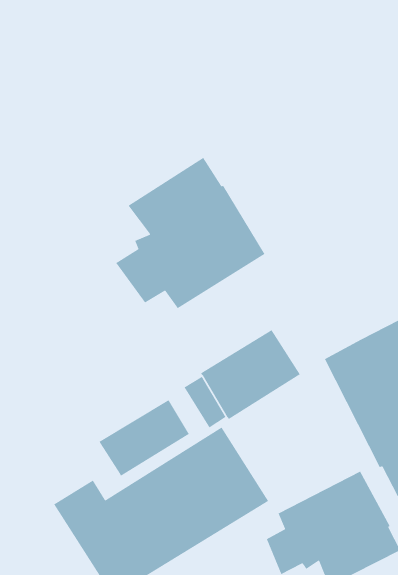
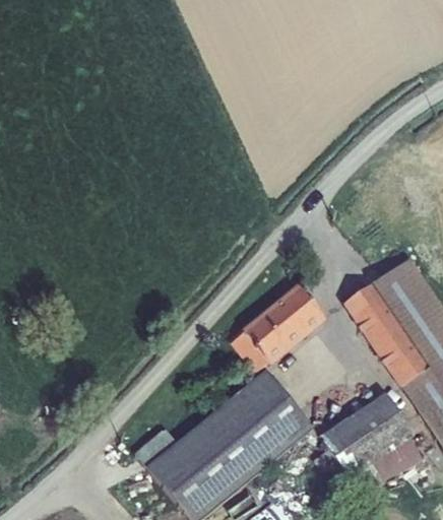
building: [115,157,265,309] -> none
building: [99,399,190,477] -> none

